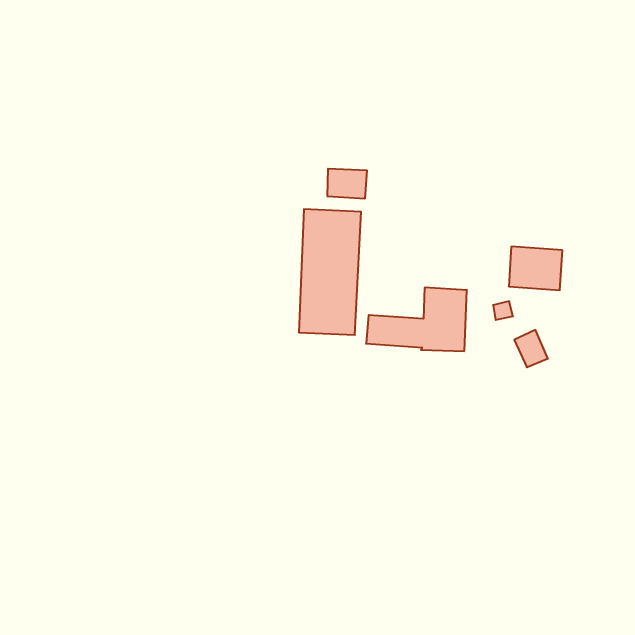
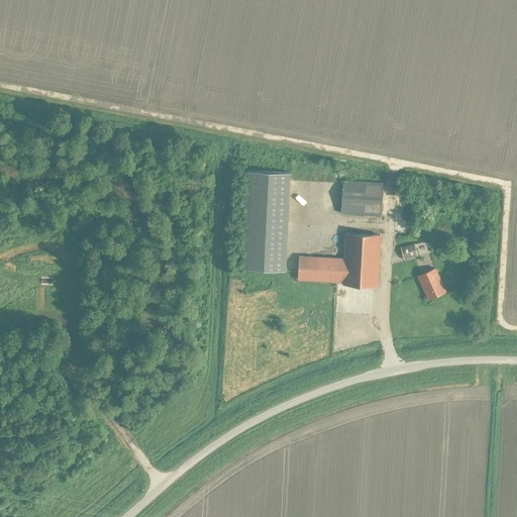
building: [327,169,367,199] -> none
building: [509,247,562,290] -> [339,181,383,216]

